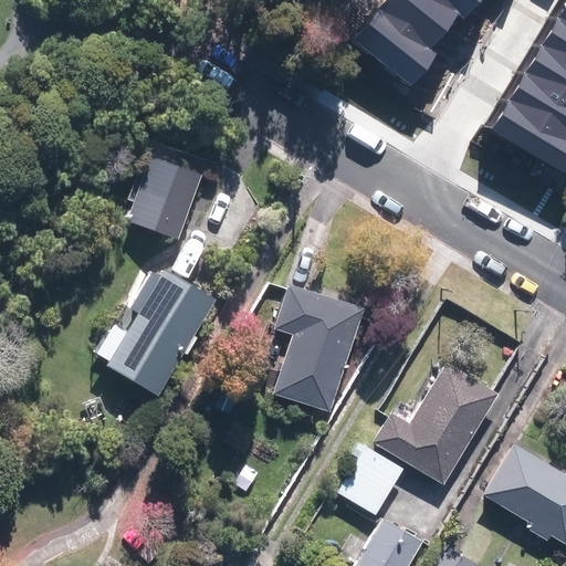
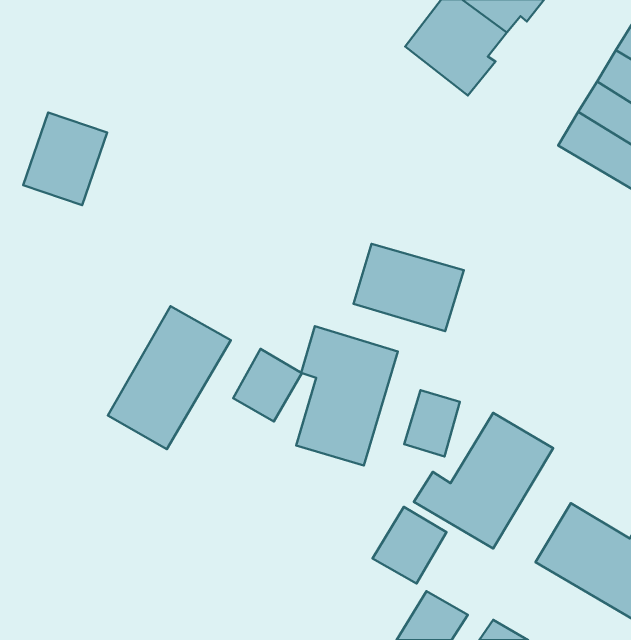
building: [127,157,201,239] -> [23,112,107,205]
building: none -> [354,244,464,331]
building: none -> [233,349,302,422]
building: none -> [404,390,460,457]

